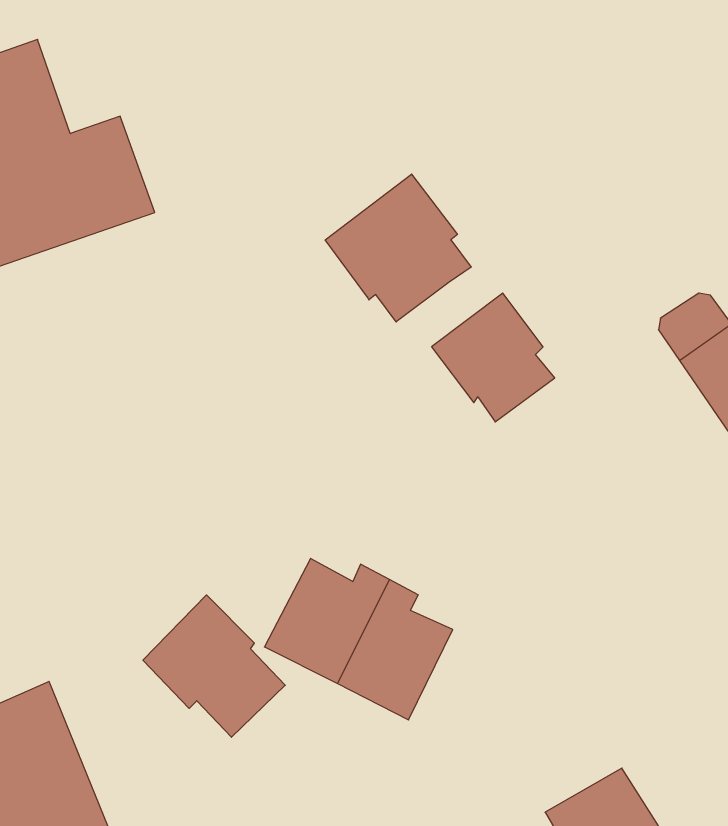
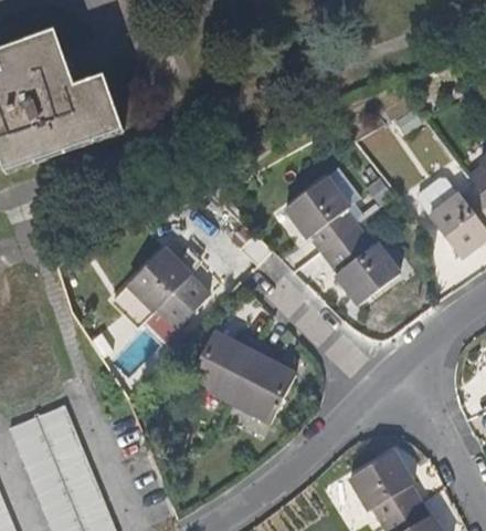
building: [325,174,471,322] -> none
building: none -> [320,227,400,306]
building: [143,595,285,737] -> [127,247,209,329]

